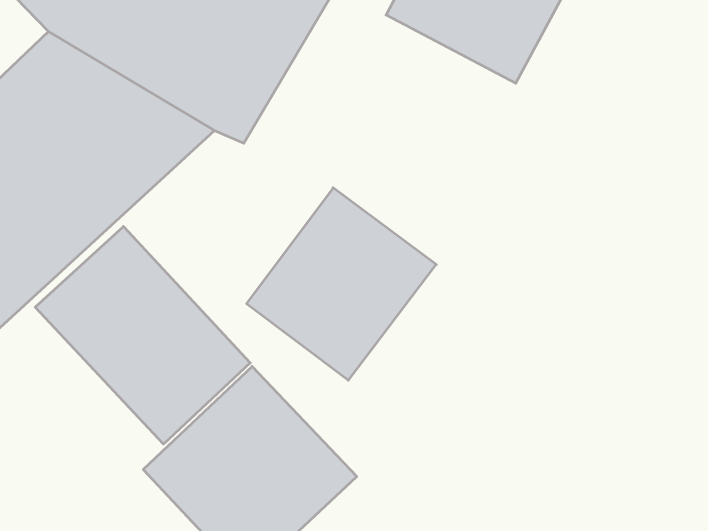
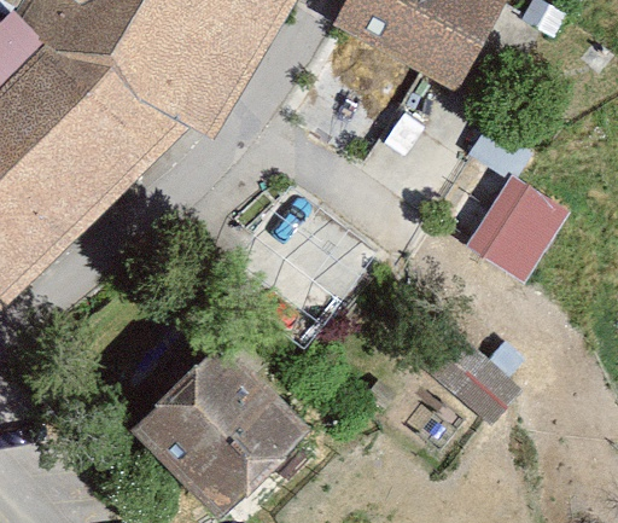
building: none -> [470,180,569,284]
building: [35,226,250,444] -> none

